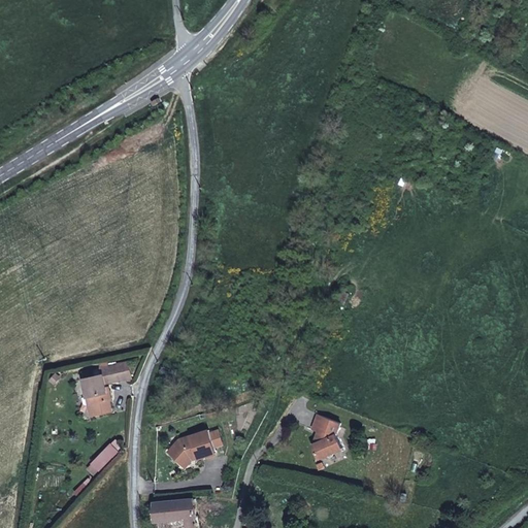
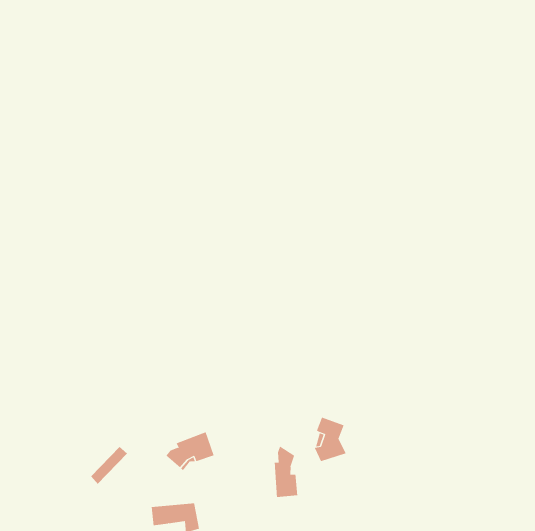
building: [79,361,130,418] -> none
building: none -> [274,446,298,498]

